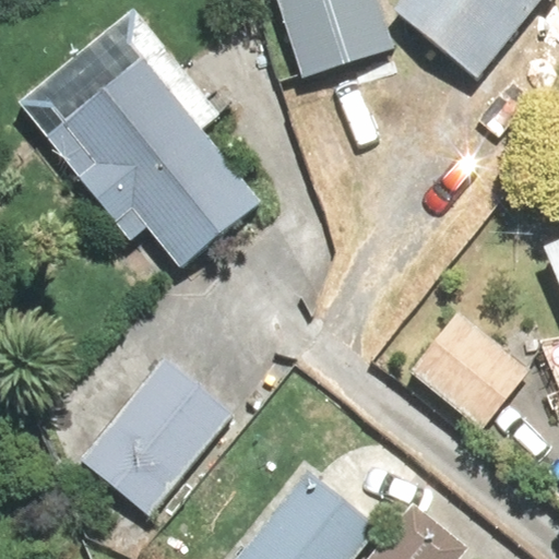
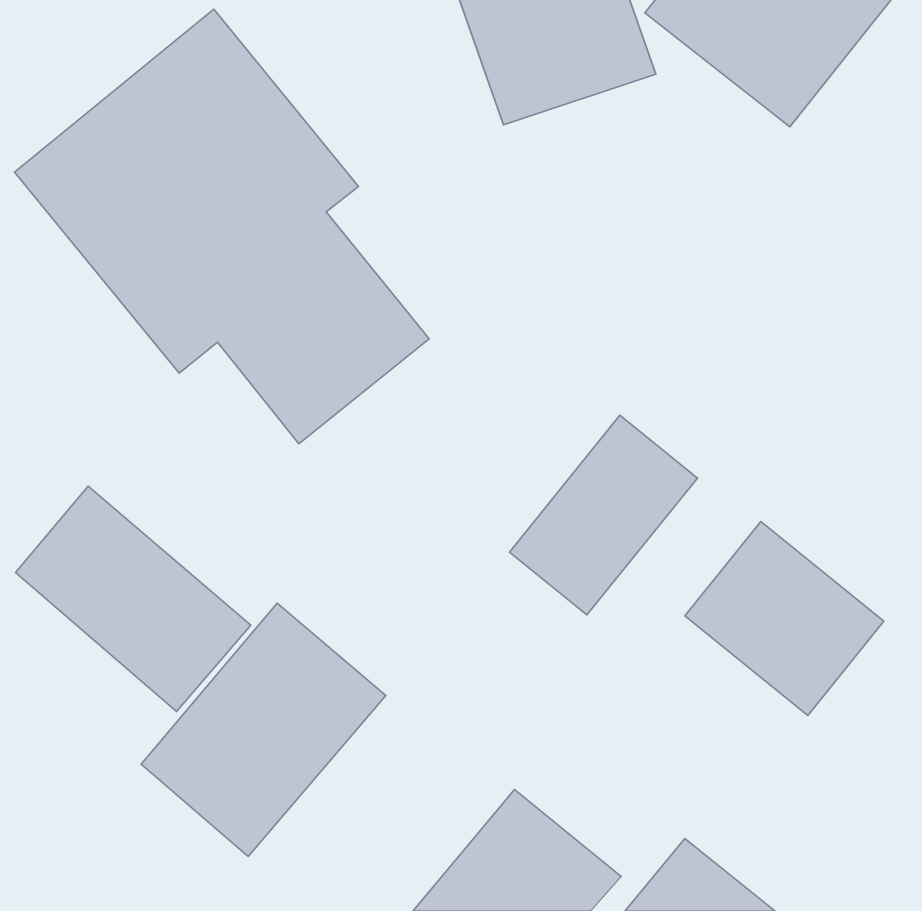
building: none -> [509,415,698,615]
building: none -> [16,486,251,711]

